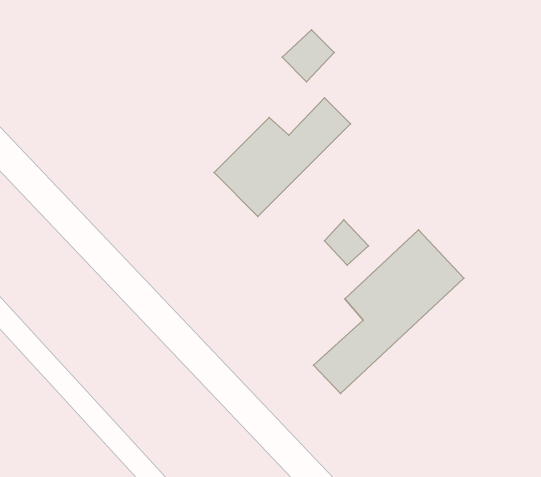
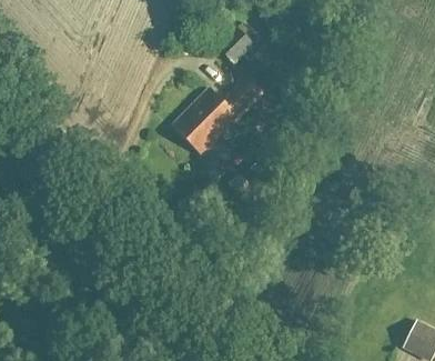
building: [314,230,464,394] -> none

